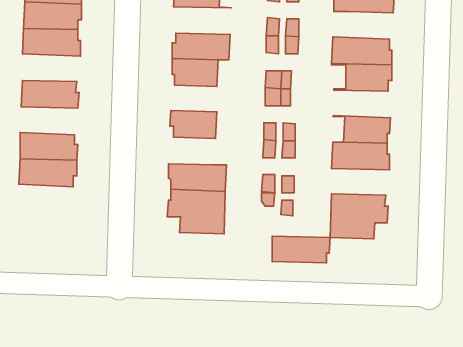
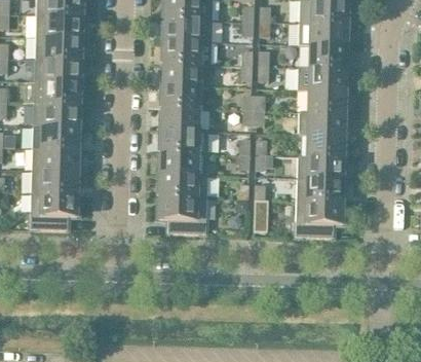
building: none -> [161,39,210,63]
building: none -> [297,43,348,67]
building: none -> [33,79,82,103]
building: none -> [159,106,198,129]
building: none -> [298,110,346,134]
building: none -> [31,124,80,148]
building: none -> [157,150,197,174]
building: none -> [29,190,78,228]
building: [272,236,330,263] -> [296,177,345,200]

